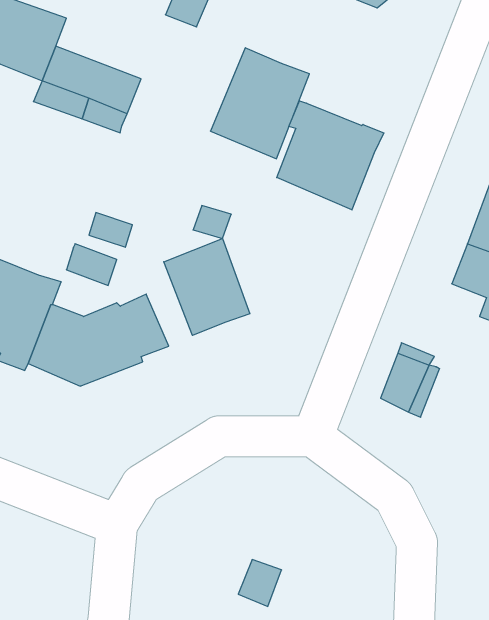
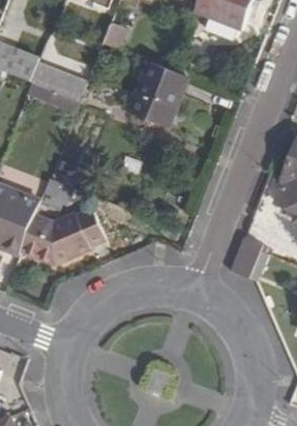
building: [277,101,384,210] -> none
building: [164,239,250,335] -> none

